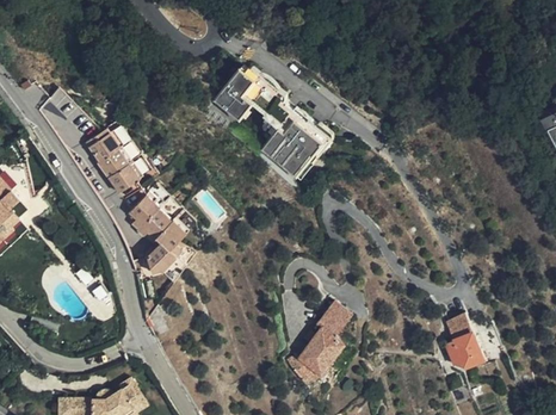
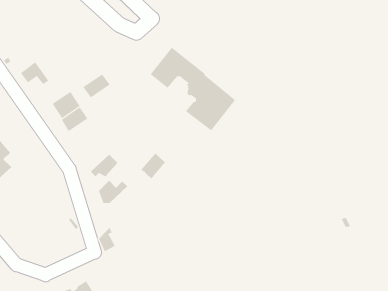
building: [106,161,143,193] -> [82,74,111,98]
building: [126,194,160,230] -> none
building: [155,216,189,252] -> [141,152,166,180]
building: [297,299,356,379] -> none
building: [446,312,484,366] -> none

